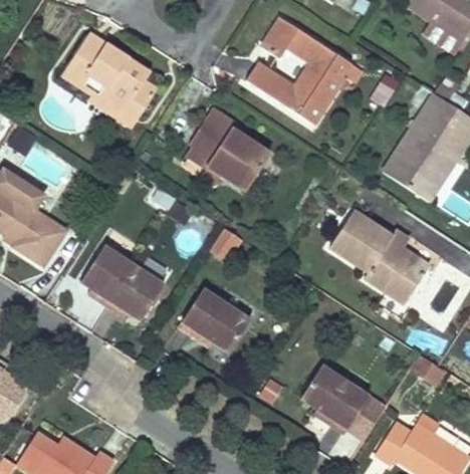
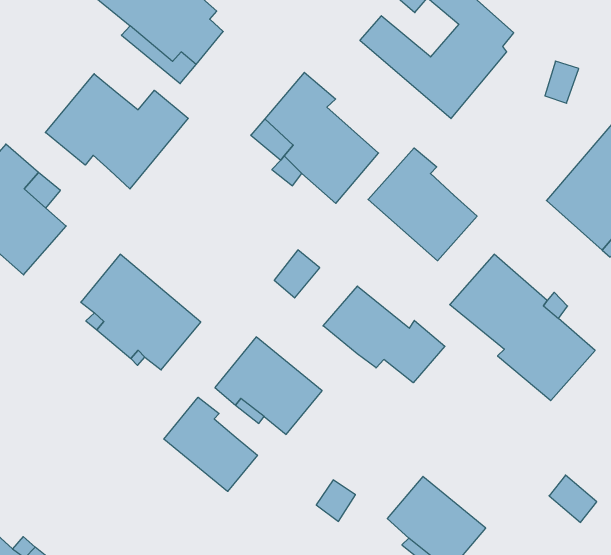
building: none -> [45,74,188,189]
building: none -> [368,148,477,261]
building: none -> [323,286,445,383]
building: none -> [164,397,257,491]

